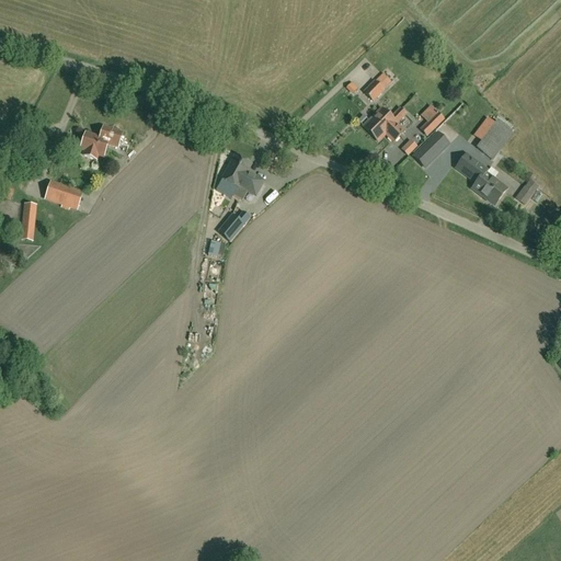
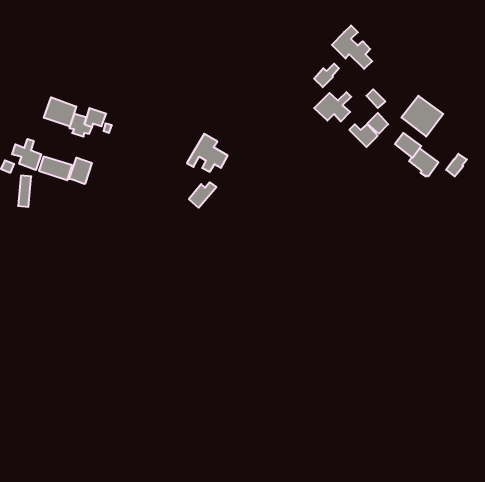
building: none -> [332,25,372,69]
building: none -> [44,97,76,127]
building: none -> [12,139,41,170]
building: none -> [69,158,92,184]

